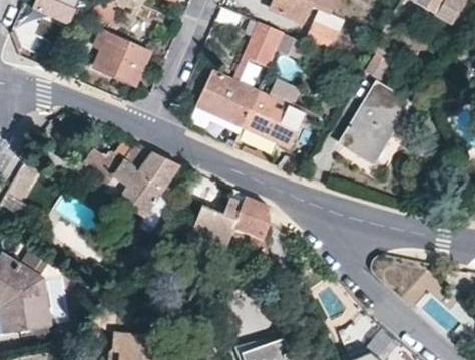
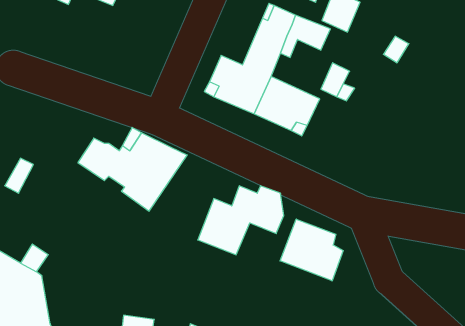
building: [93,29,147,82] -> none
building: [338,77,409,161] -> none
building: none -> [280,219,343,281]

